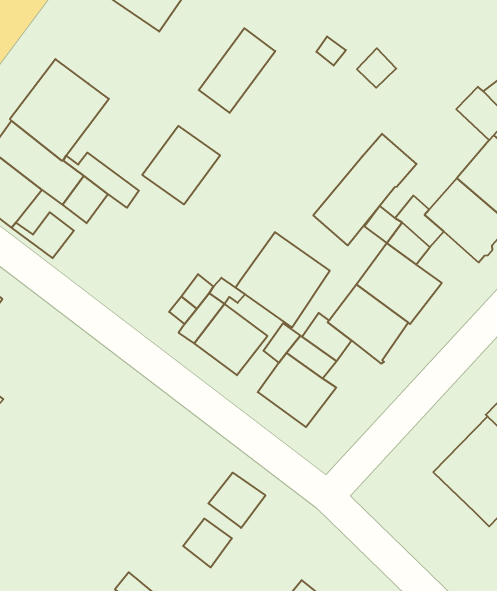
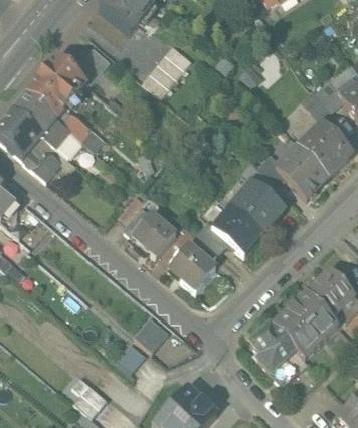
building: none -> [74,48,111,86]
building: [142,126,220,204] -> none
building: [313,134,417,245] -> none
building: [236,232,330,327] -> none
building: none -> [250,323,296,385]

